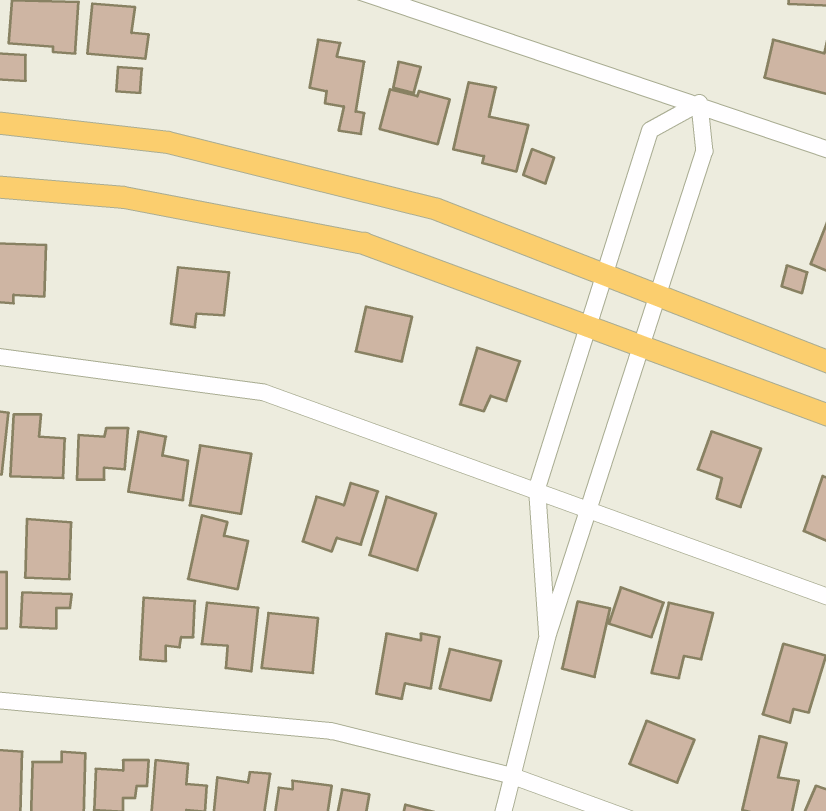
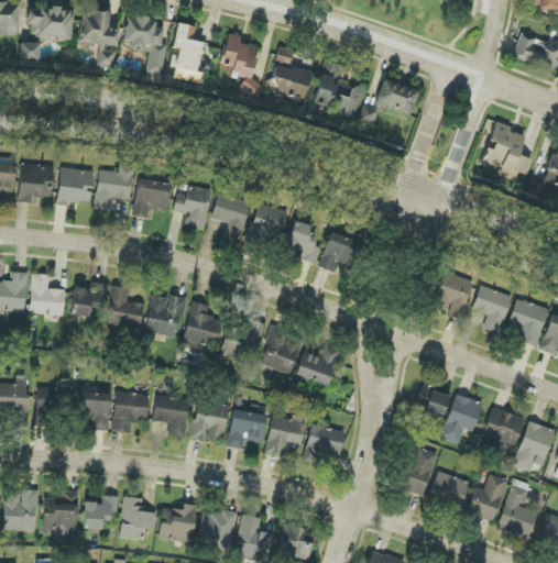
building: none -> [122,14,167,75]
building: none -> [169,23,204,82]
building: none -> [375,79,418,117]
building: none -> [482,121,533,180]
building: none -> [95,165,134,211]
building: none -> [56,167,94,206]
building: none -> [174,186,212,231]
building: none -> [212,195,251,241]
building: none -> [288,221,320,263]
building: none -> [434,273,473,319]
building: none -> [508,298,549,346]
building: [188,515,248,589] -> [184,301,222,349]
building: [25,519,71,579] -> [80,391,110,430]
building: none -> [297,344,339,385]
building: [562,602,610,677] -> [405,448,436,496]
building: none -> [482,407,524,448]
building: none -> [228,410,266,449]
building: none -> [468,474,507,521]

